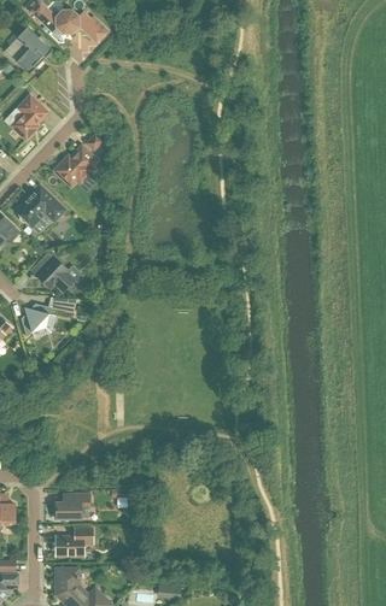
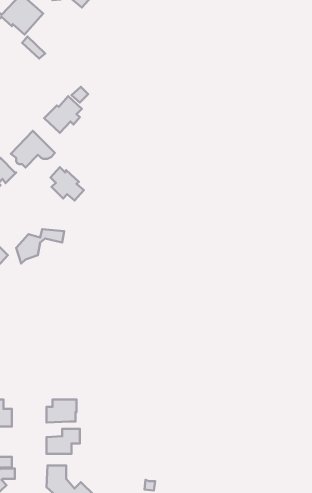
building: [10,94,48,139] -> none
building: [35,252,74,290] -> [50,167,84,201]

